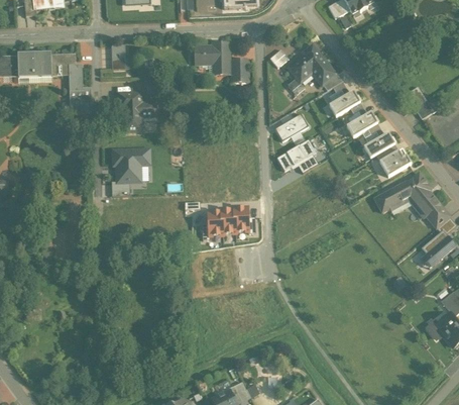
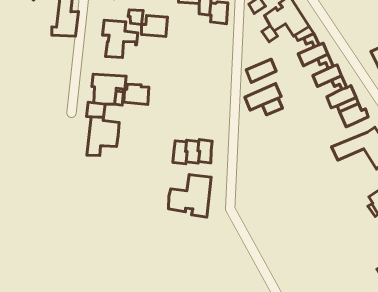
building: none -> [141,16,167,36]
building: none -> [124,84,149,104]
building: none -> [87,117,119,156]
building: none -> [168,175,211,217]

